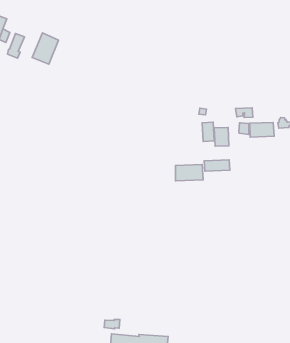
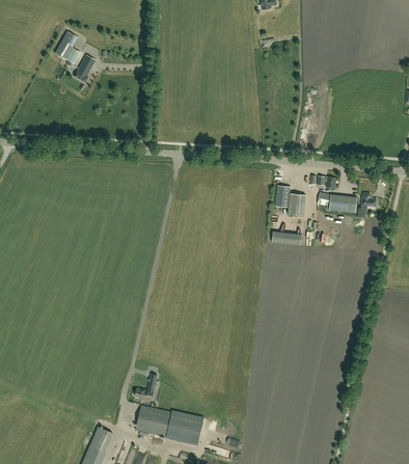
building: [32,33,59,64] -> none
building: [175,164,203,181] -> none

